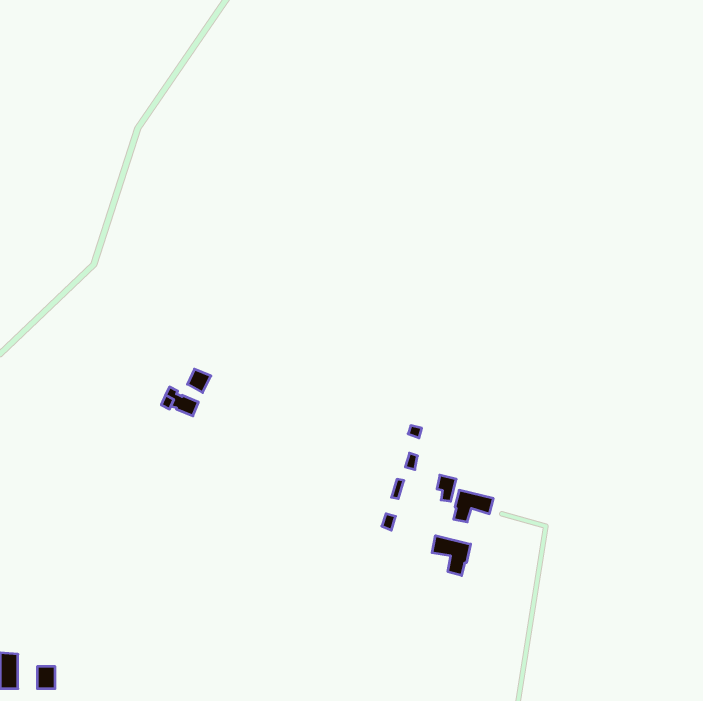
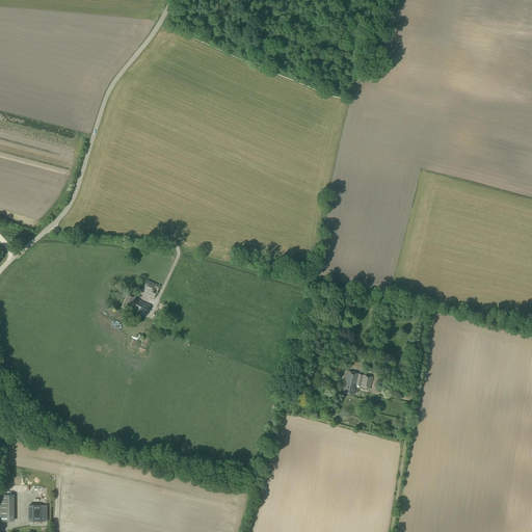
building: [432,536,471,576] -> none

